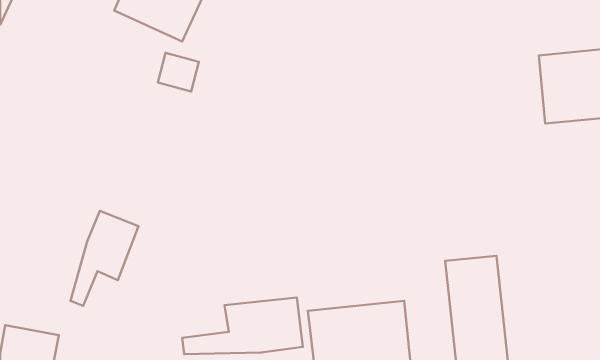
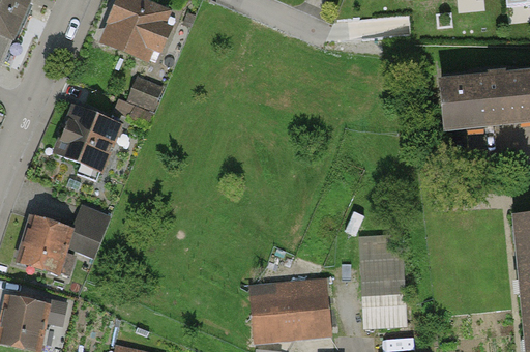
building: none -> [47,104,121,175]
building: none -> [19,216,71,275]
building: [182,298,303,354] -> none

